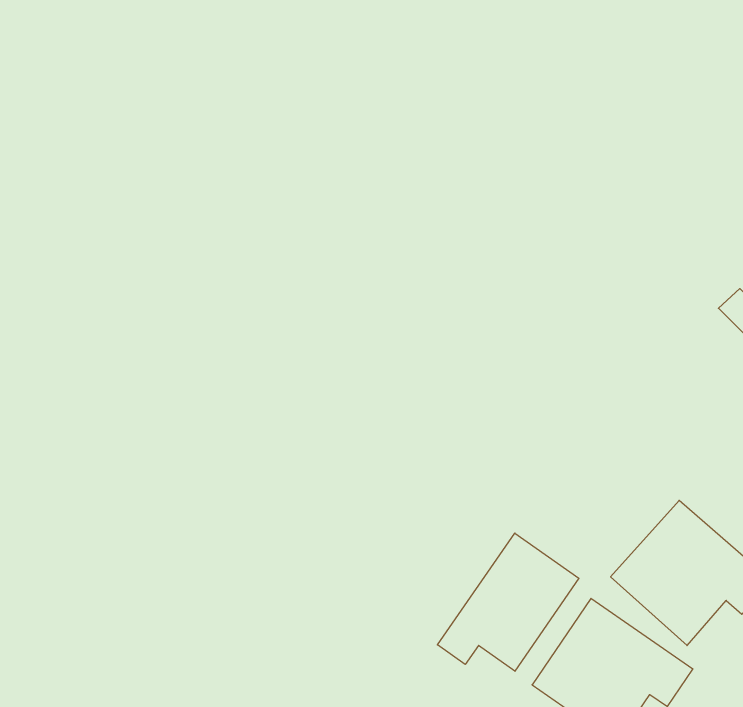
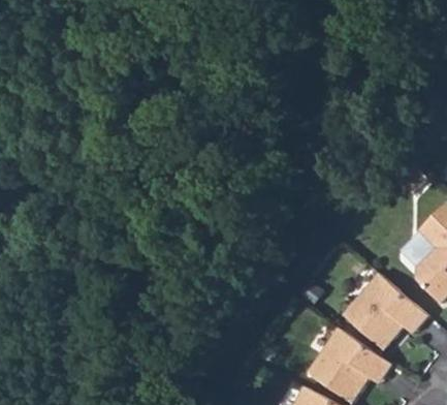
building: [437,533,579,671] -> none

